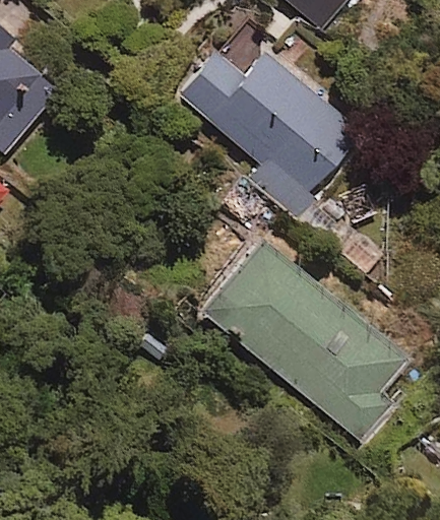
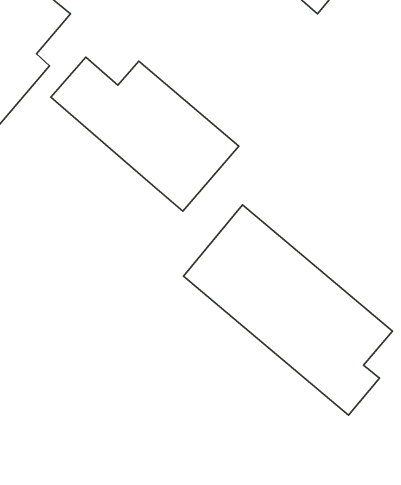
building: [169,44,360,200] -> [51,57,239,211]

